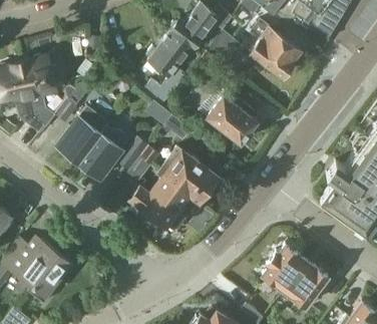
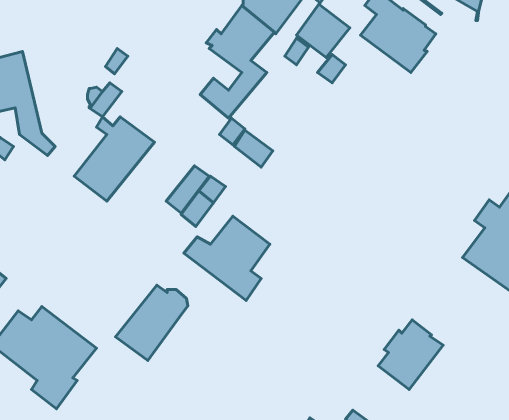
building: [22,55,62,128] -> none
building: [199,85,259,143] -> none
building: [79,128,128,180] -> [115,285,188,361]
building: [159,146,218,201] -> none
building: [284,261,329,307] -> none

